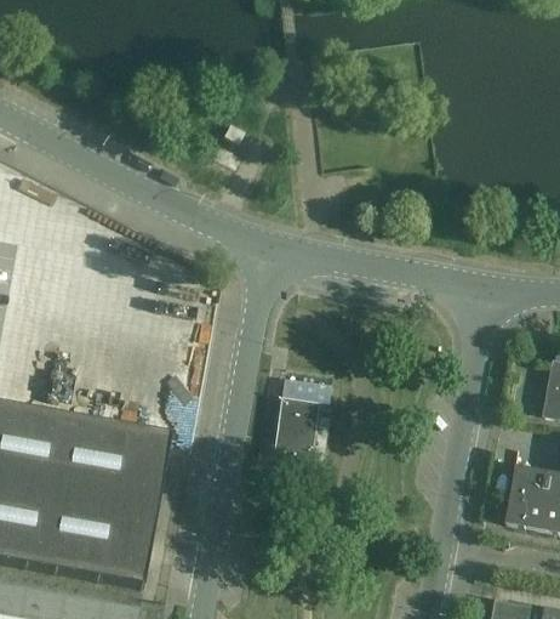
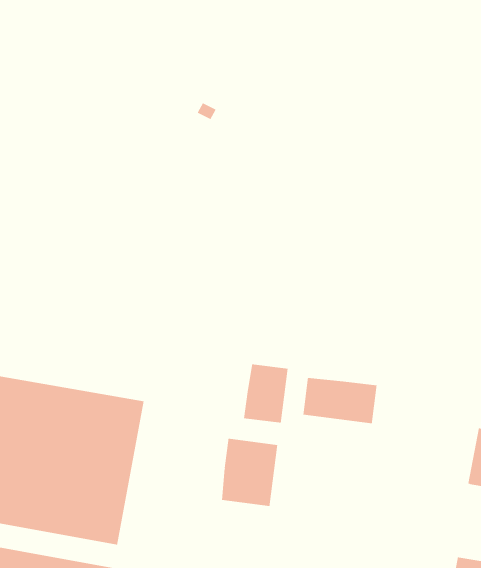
building: none -> [303,377,377,424]
building: none -> [222,438,278,507]

